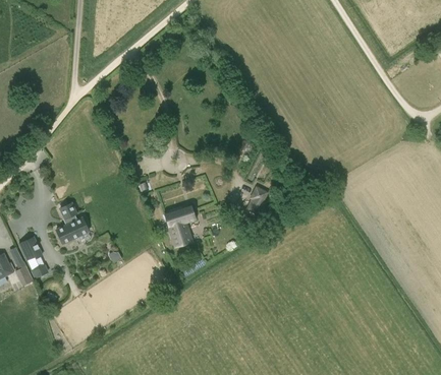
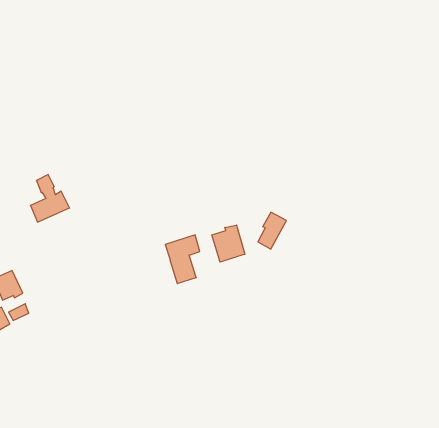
building: none -> [212,225,245,262]
building: [56,202,90,243] -> [30,175,70,222]

